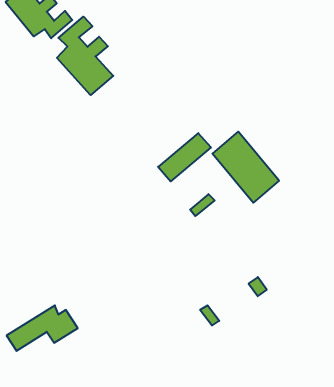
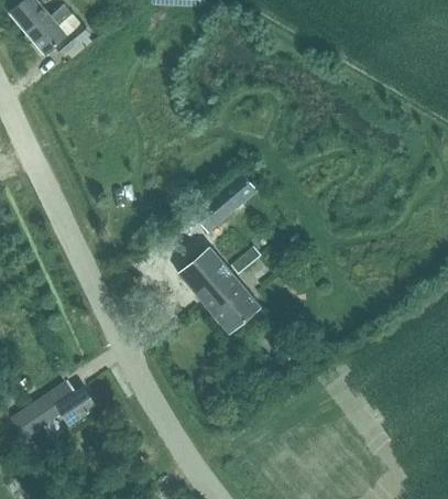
building: [57,17,113,95] -> none
building: [212,132,279,203] -> [179,247,260,333]

